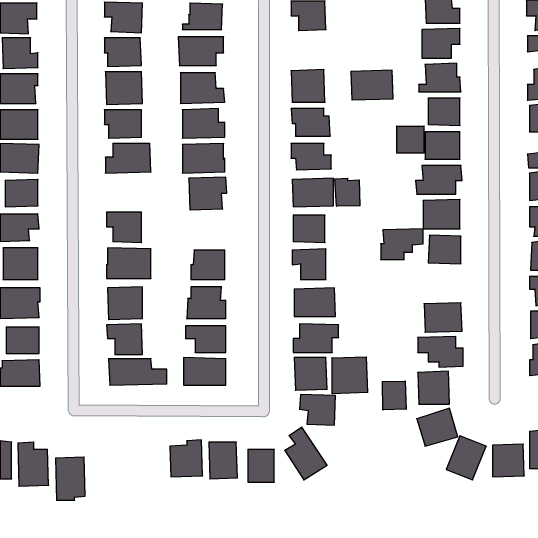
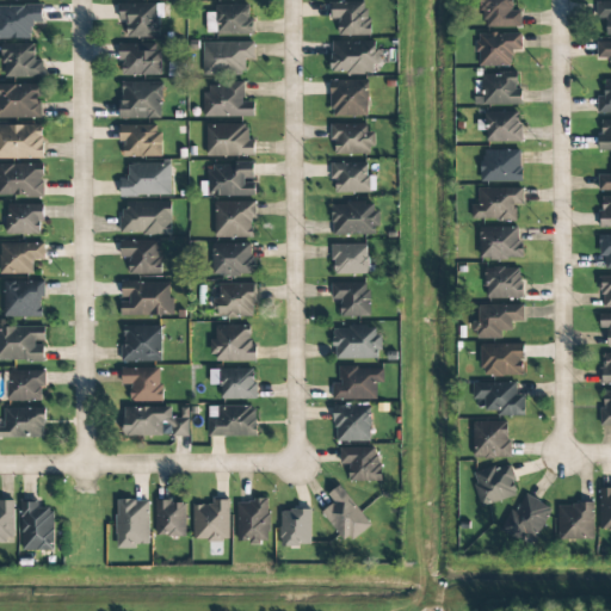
building: [351,70,393,100] -> [331,41,378,74]
building: [397,126,424,153] -> none
building: none -> [123,200,172,234]
building: [335,178,360,206] -> none
building: none -> [212,242,254,276]
building: [381,229,423,260] -> [476,303,524,338]
building: [332,357,368,394] -> none
building: [383,381,406,410] -> none
building: none -> [156,500,186,536]
building: [56,457,85,500] -> [117,499,150,548]

